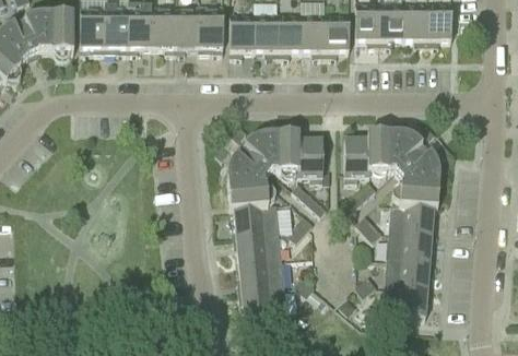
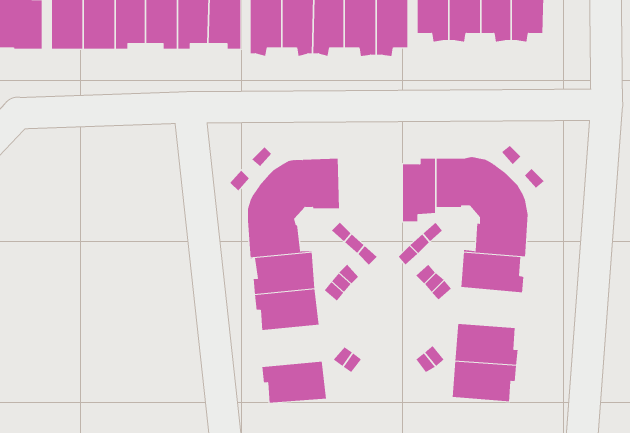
building: [296,133,322,181] -> none
building: [386,230,435,261] -> none
building: [237,259,284,290] -> none

